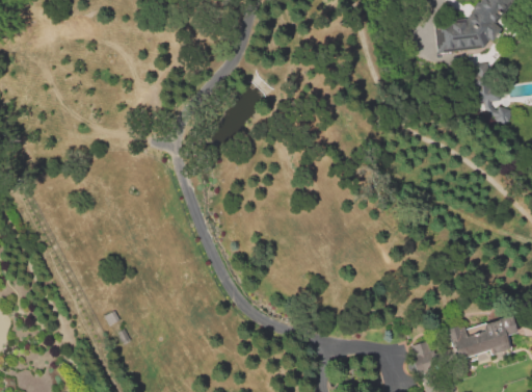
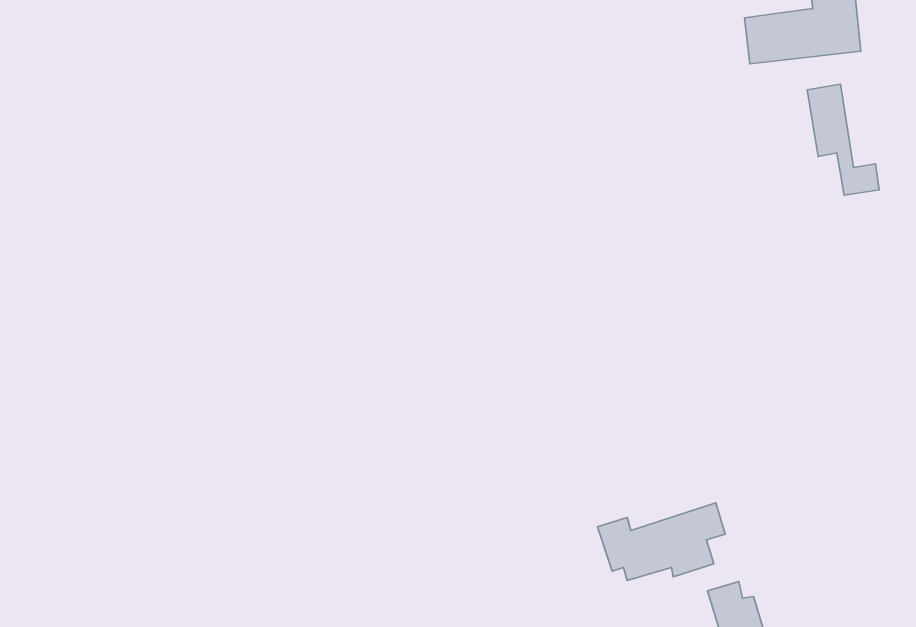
building: [451,315,523,359] -> [597,503,725,580]

